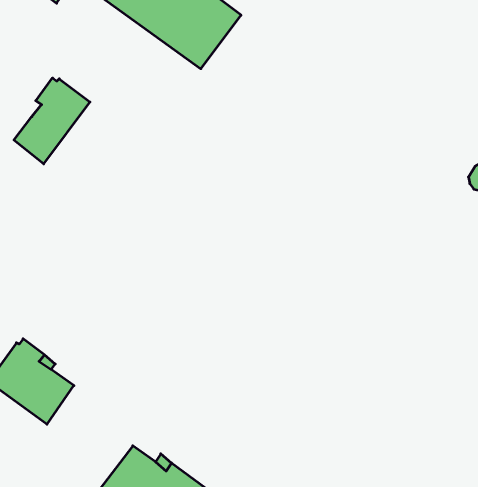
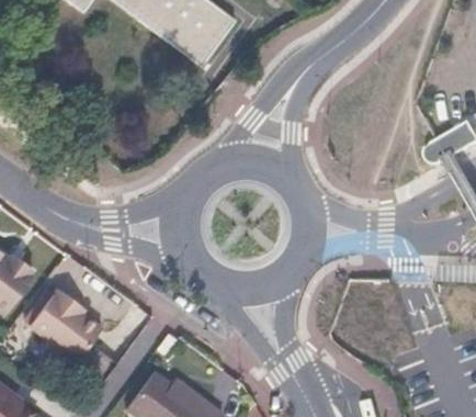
building: [14,78,90,164] -> none

